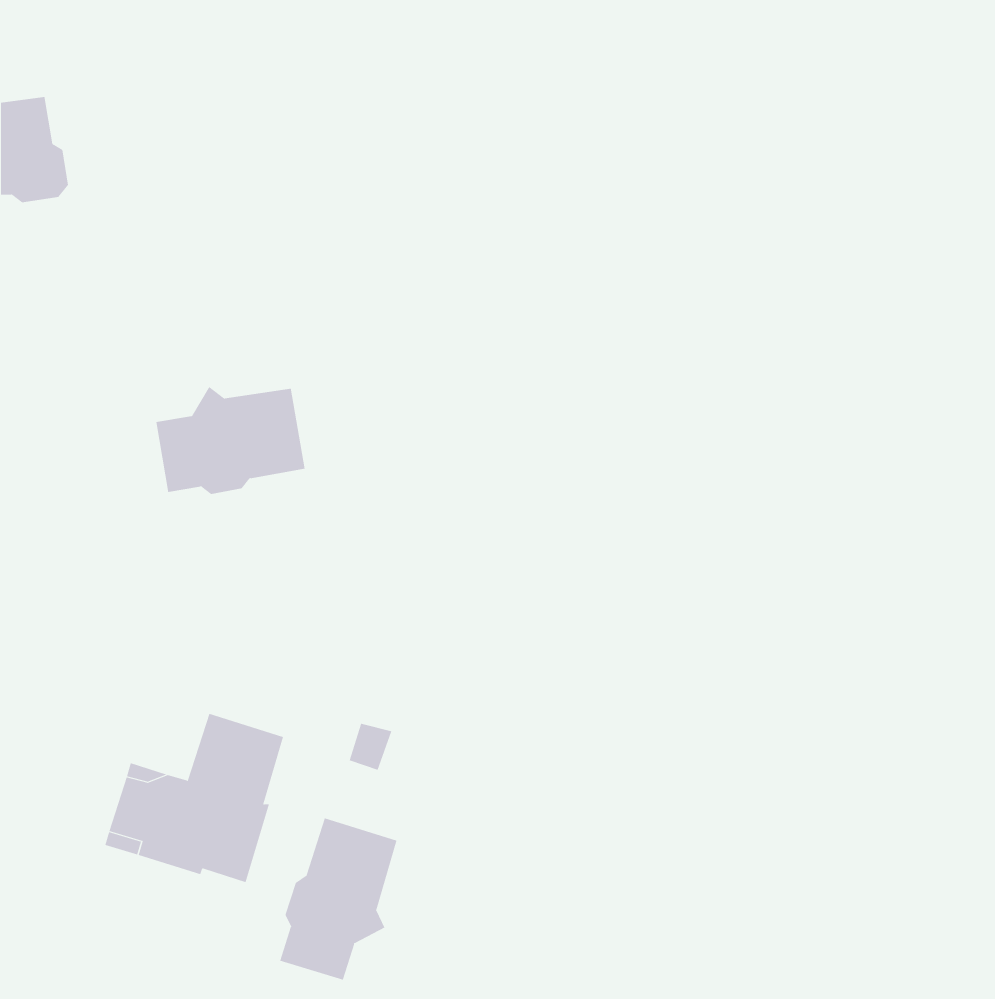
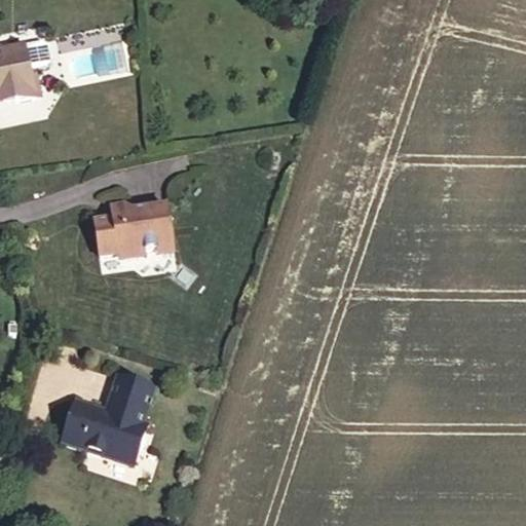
building: [279,817,397,981] -> none

